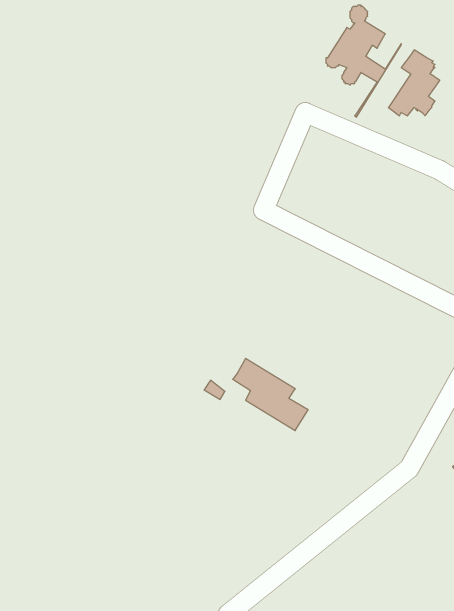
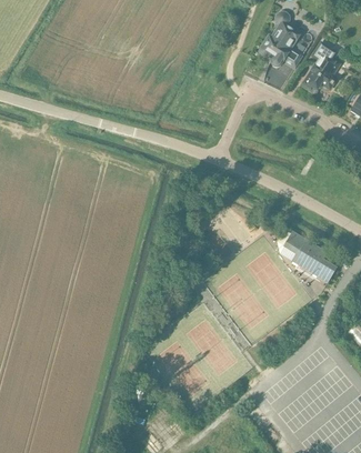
building: [233,358,308,431] -> [284,231,337,281]

